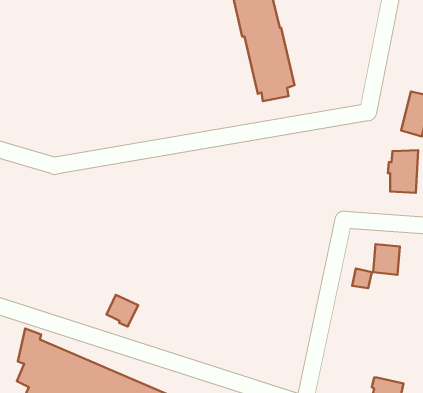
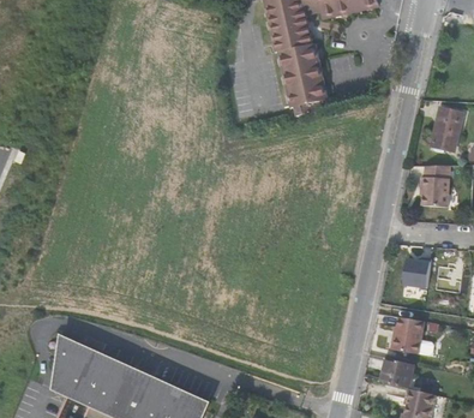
building: [107,295,138,326] -> none
building: none -> [391,316,422,353]
building: none -> [380,357,412,387]

